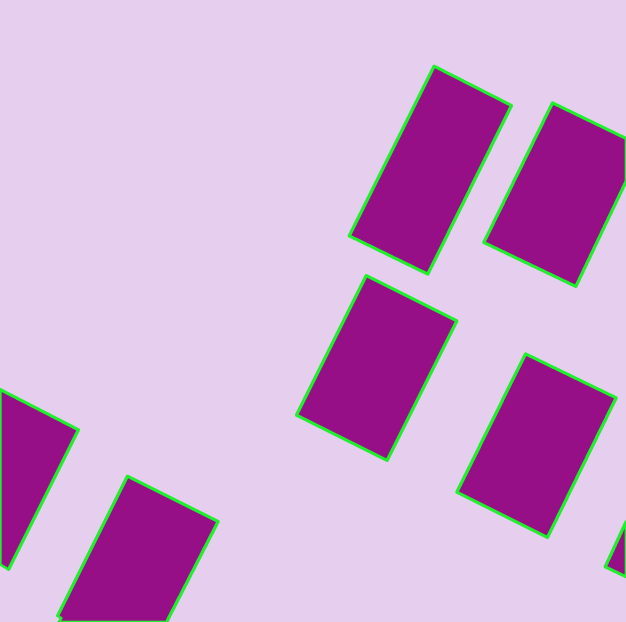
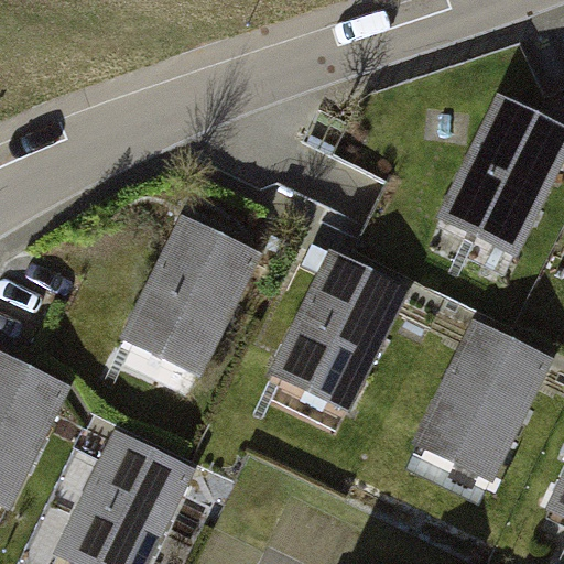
building: [349,66,512,274] -> none
building: none -> [119,214,263,379]

